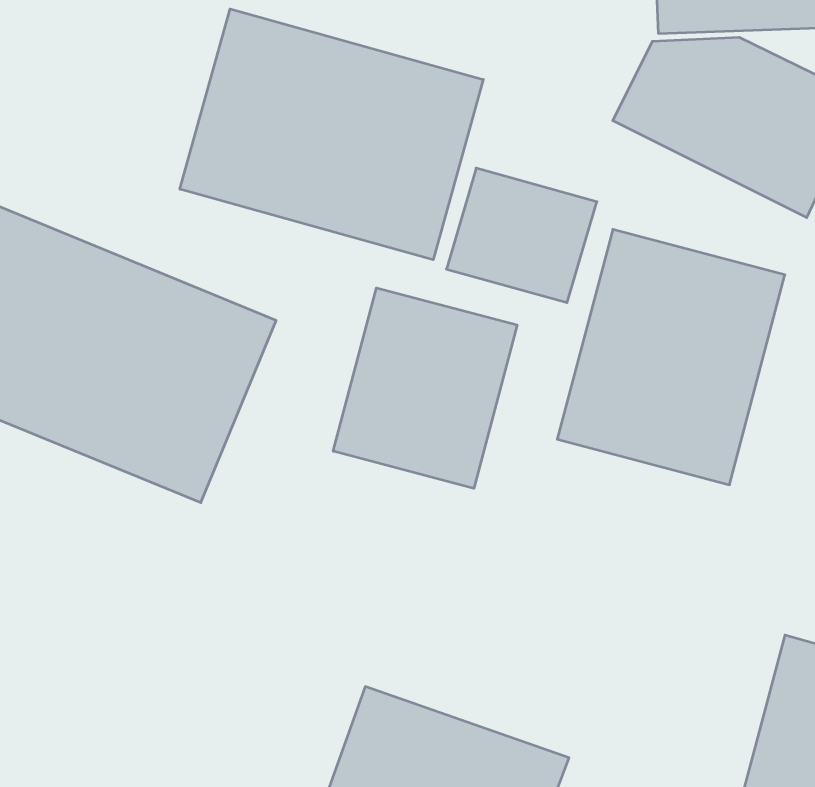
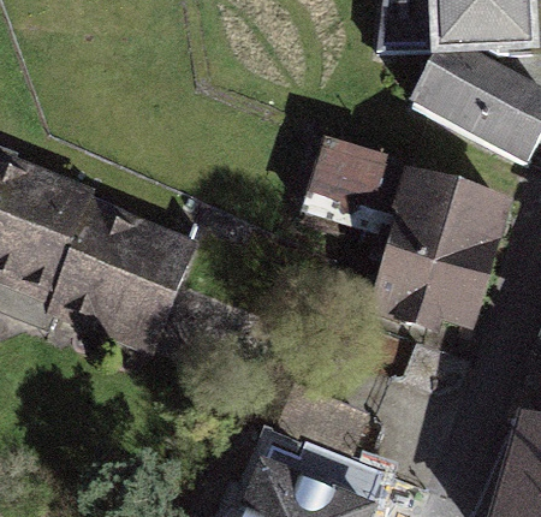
building: [180,9,483,260] -> none
building: [333,288,517,488] -> none

